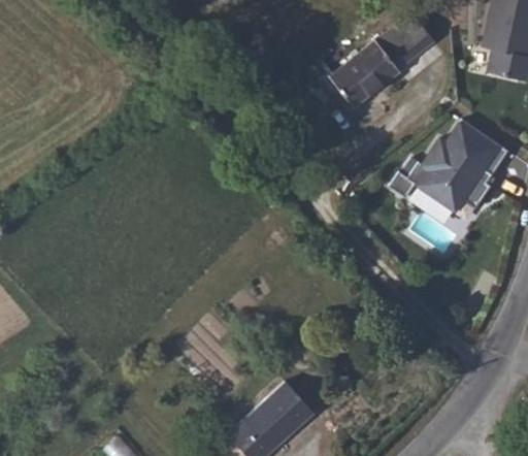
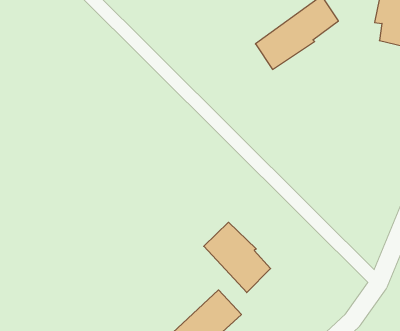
building: [392,118,500,213] -> none
building: none -> [204,222,271,293]

